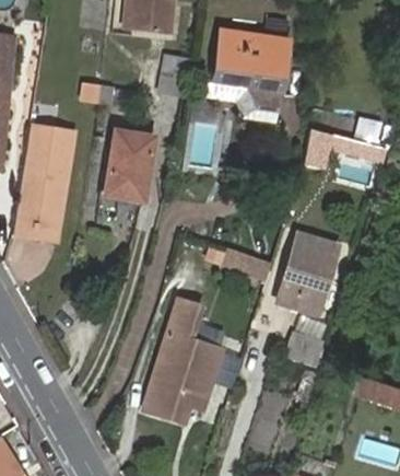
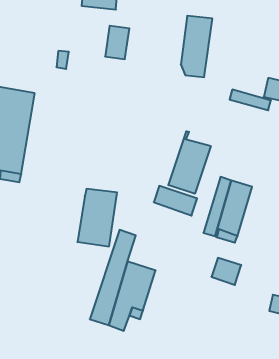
building: [220,32,261,96] -> none
building: [108,128,156,198] -> [77,189,117,246]
building: none -> [168,131,211,194]

